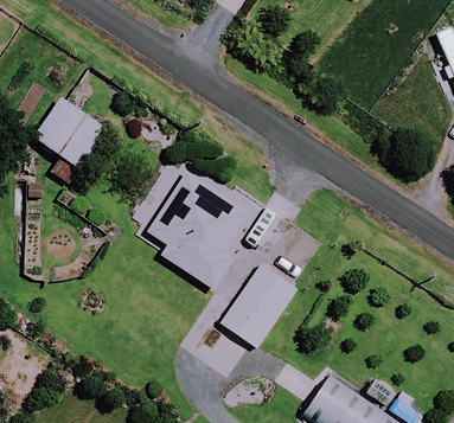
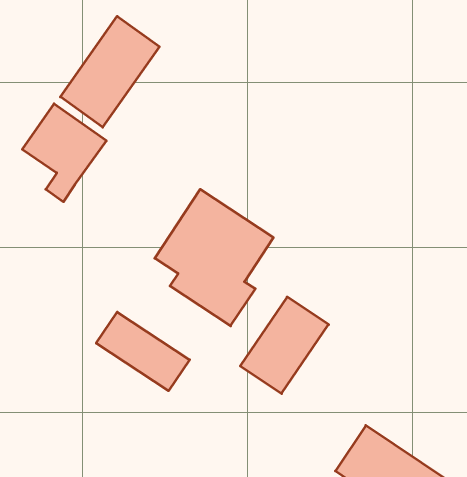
building: none -> [60,16,159,127]
building: none -> [96,312,190,391]

